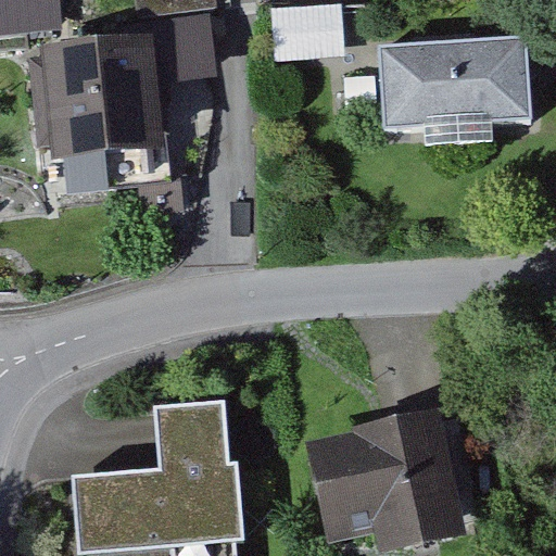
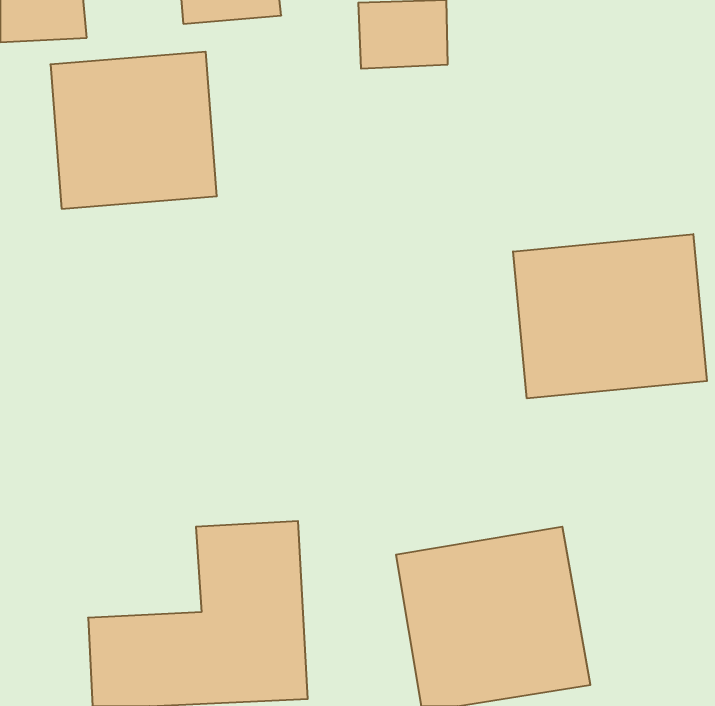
building: [376,34,536,138] -> none
building: none -> [513,234,707,398]

